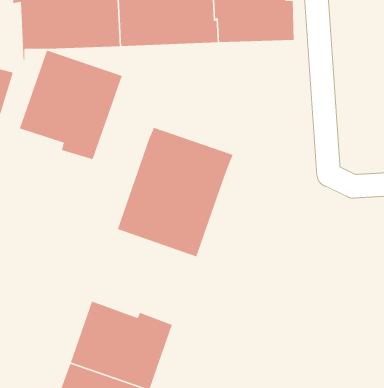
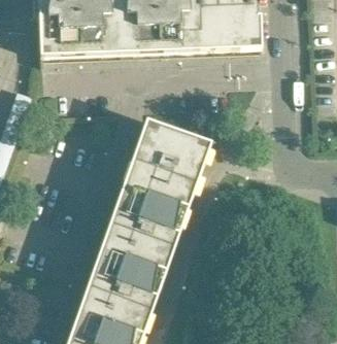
building: [19,49,123,160] -> none
building: none -> [97,204,182,281]

